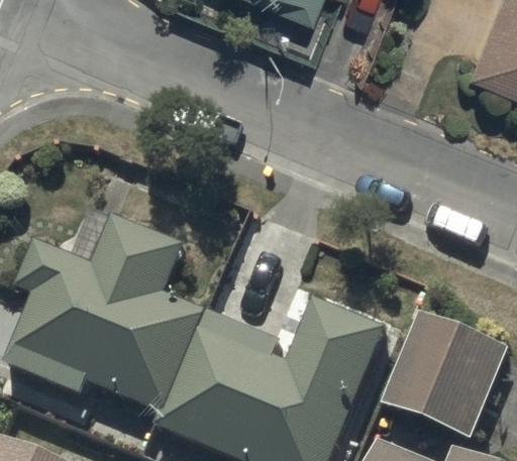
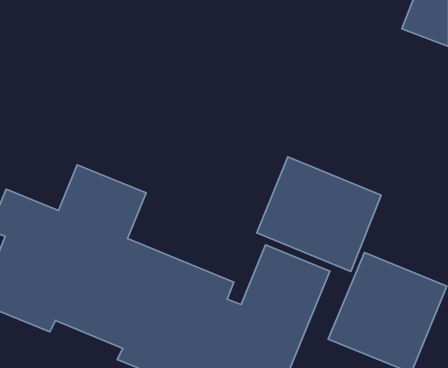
building: none -> [257,157,381,271]

